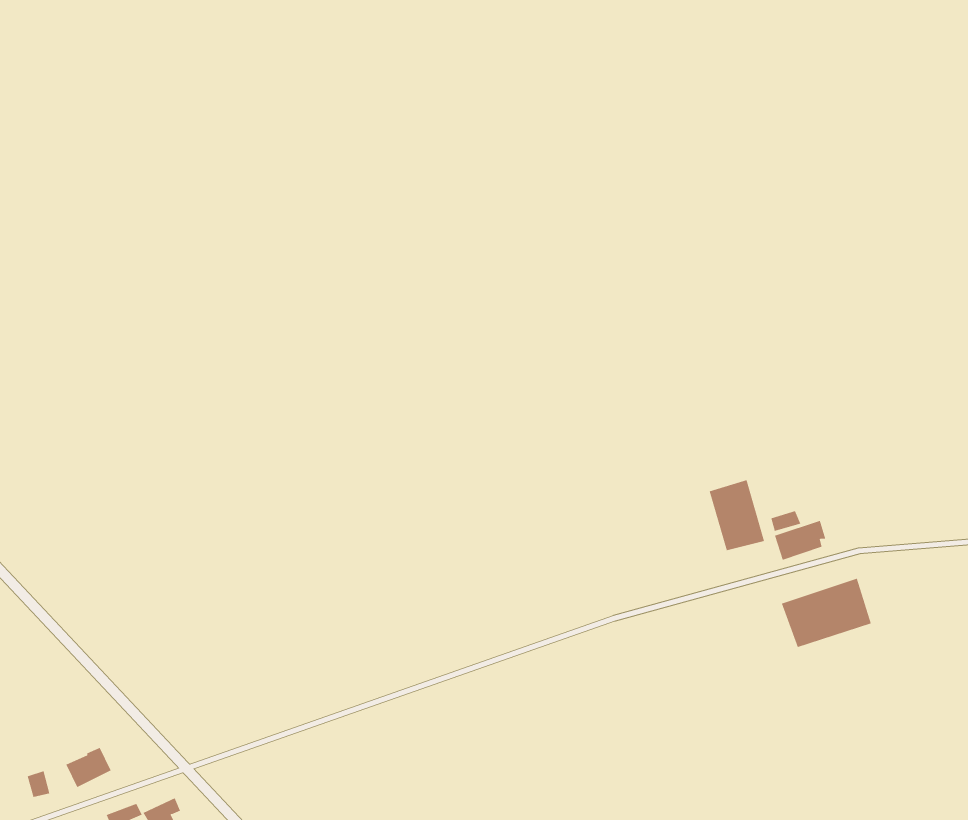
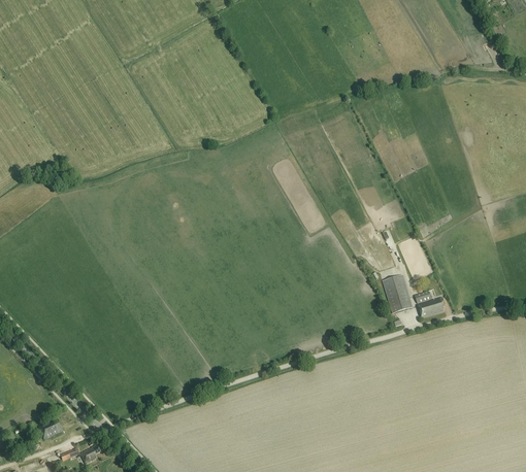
building: [781,578,872,648] -> none

